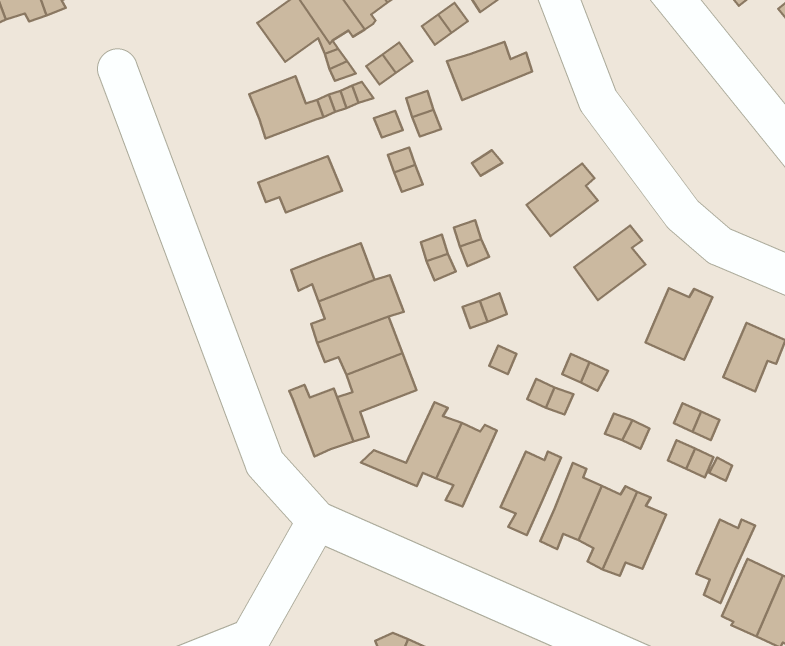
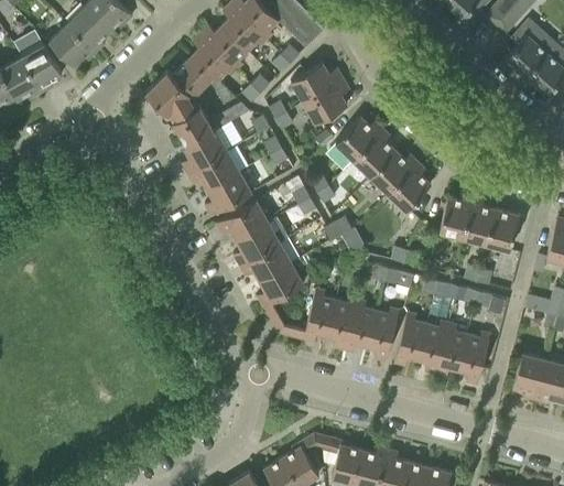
building: none -> [145,69,192,112]
building: none -> [303,78,349,123]
building: none -> [181,129,227,173]
building: none -> [335,117,382,160]
building: none -> [205,170,251,215]
building: none -> [370,150,417,193]
building: none -> [464,197,498,245]
building: [289,385,354,457] -> none
building: none -> [344,300,377,353]
building: [696,520,755,603] -> [459,332,490,385]

